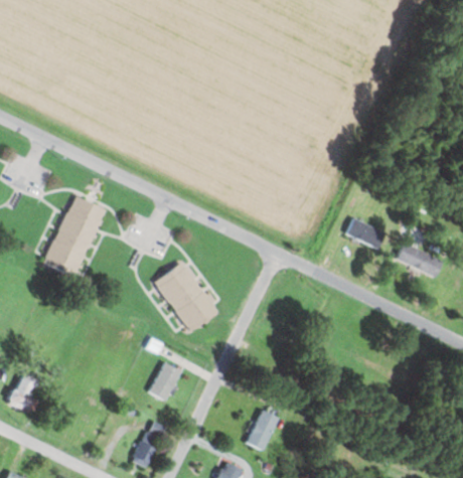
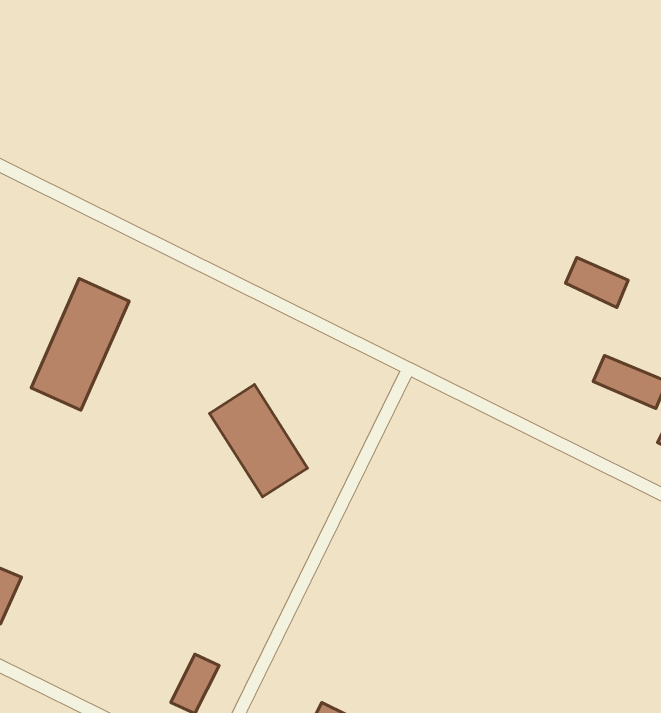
building: [346,218,385,250] -> [566,258,628,307]
building: [150,361,181,401] -> none
building: [247,411,279,451] -> none

